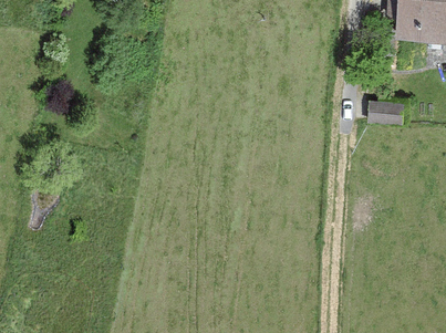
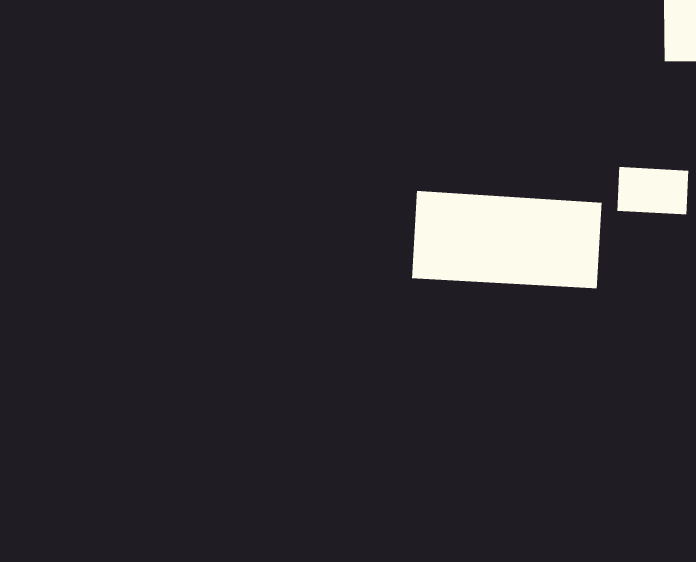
building: none -> [411,190,602,289]

